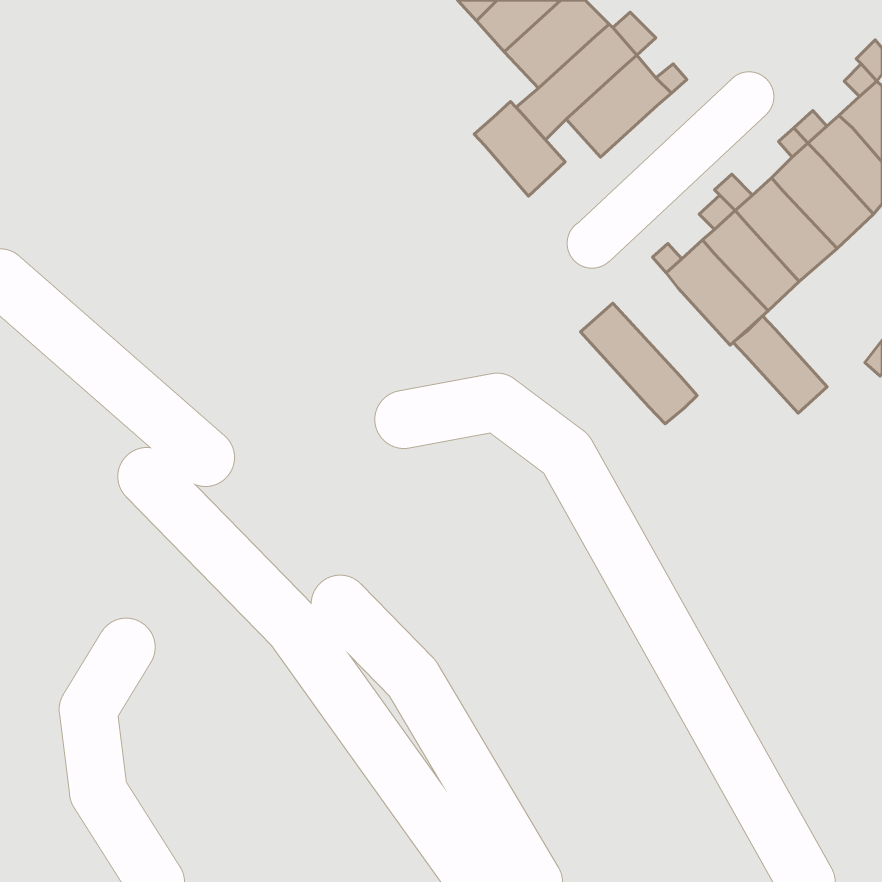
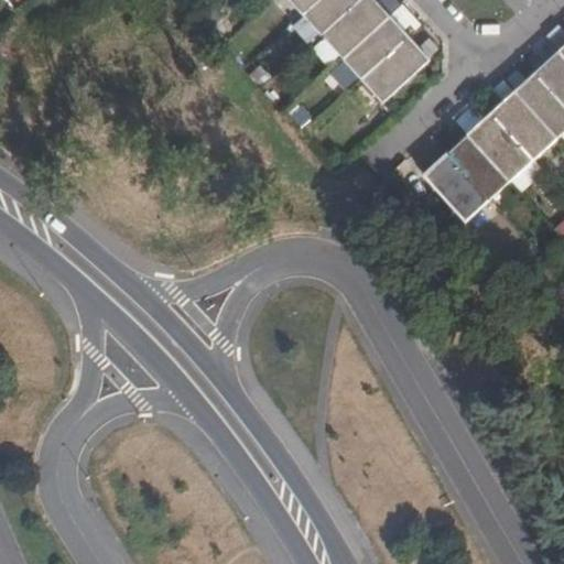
building: [474,101,565,196] -> none
building: [581,303,697,424] -> none
building: [733,316,827,413] -> none

